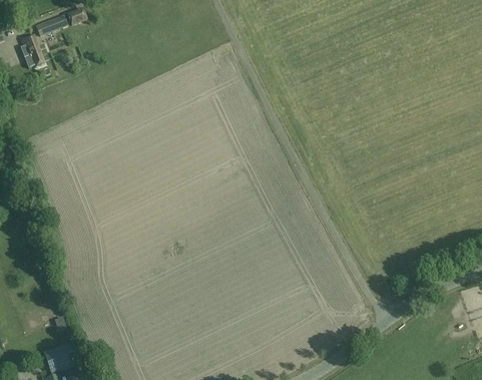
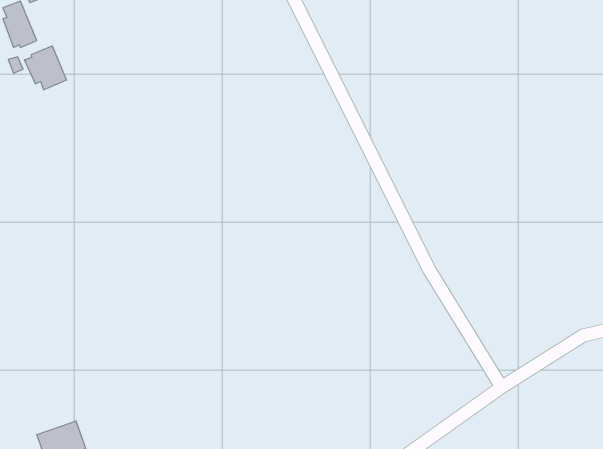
building: none -> [24,46,66,90]

